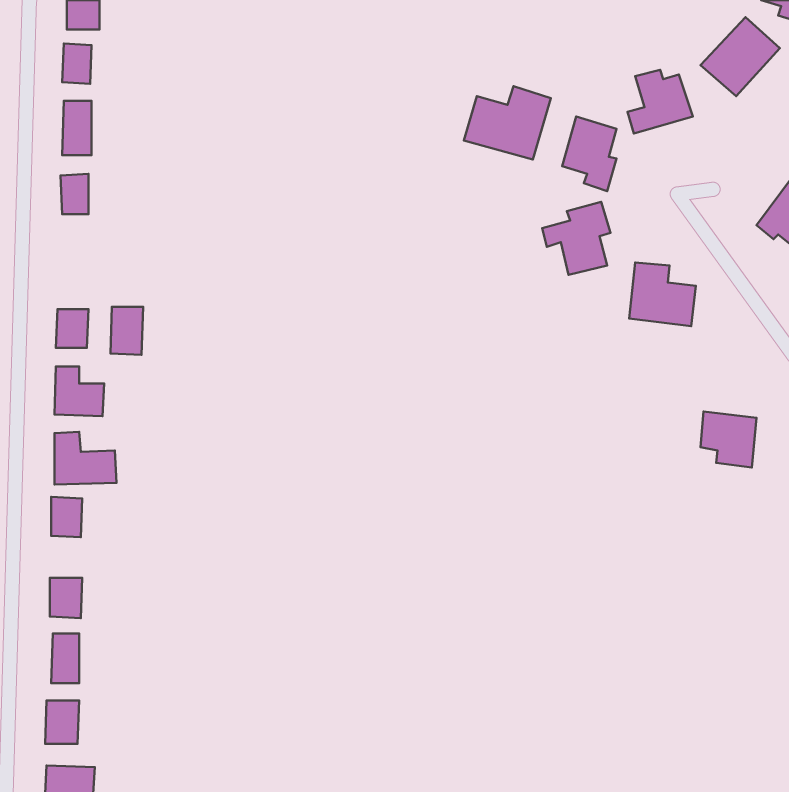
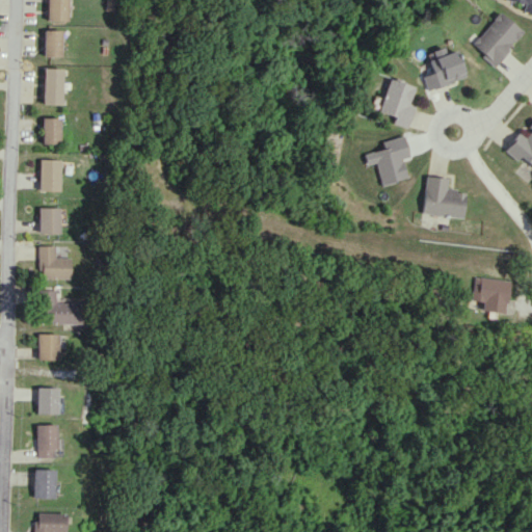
building: [464,86,551,159] -> none
building: [110,307,143,355] -> [42,160,63,192]

